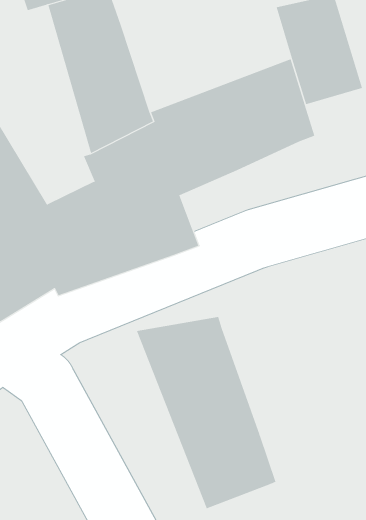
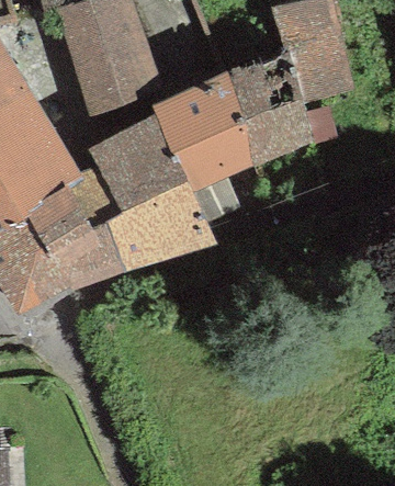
building: [136,316,276,509] -> none

